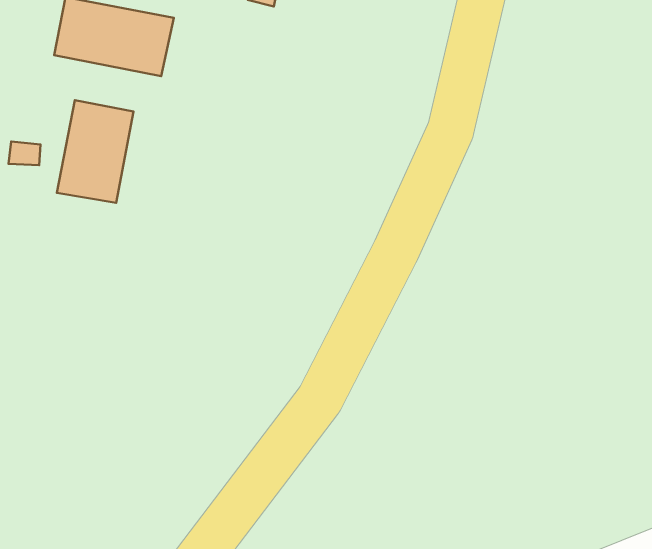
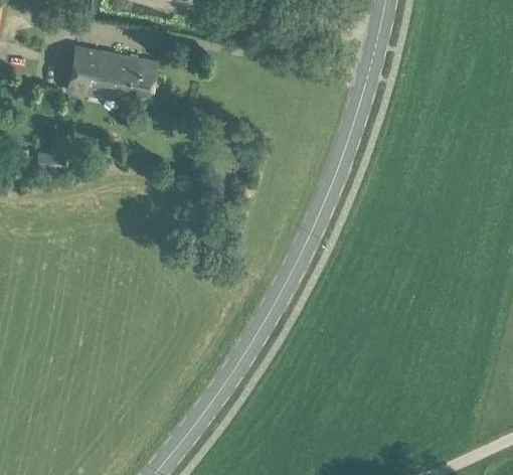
building: [57,100,133,203] -> none

